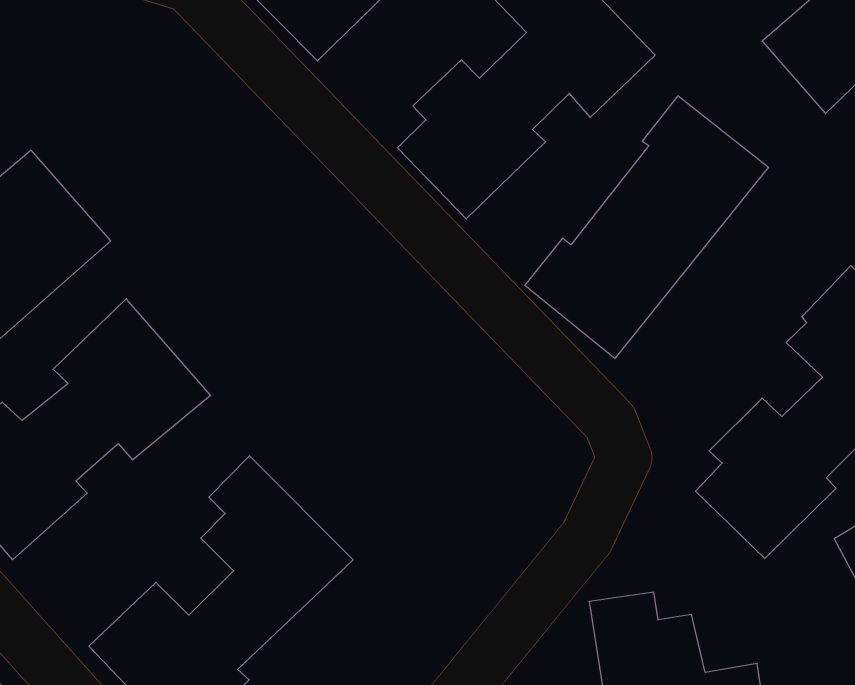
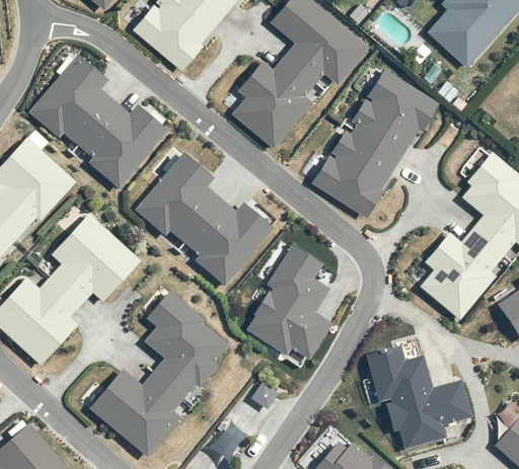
building: none -> [28,54,167,188]
building: none -> [136,151,275,287]
building: none -> [248,242,330,358]

